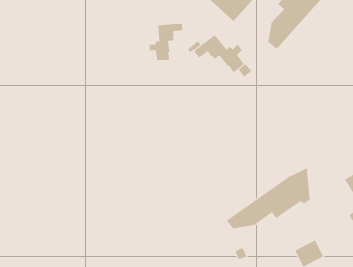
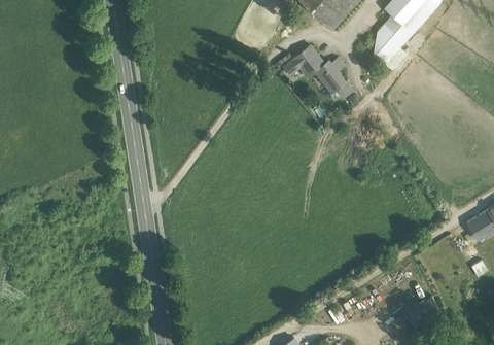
building: [149,23,183,61] -> none
building: [226,167,310,229] -> none

